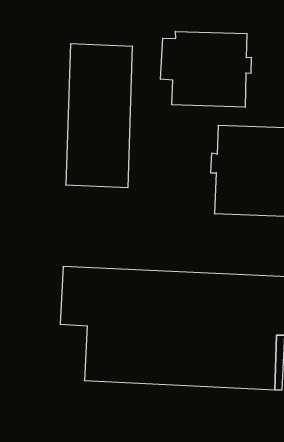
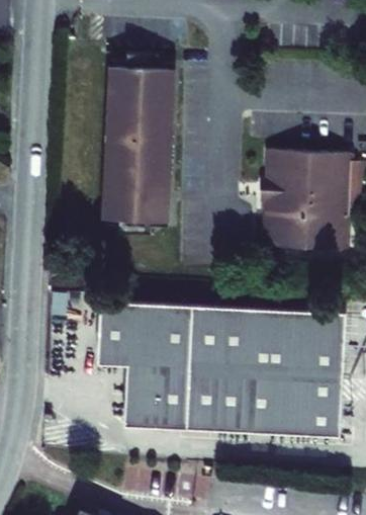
building: [161,31,251,107] -> none

